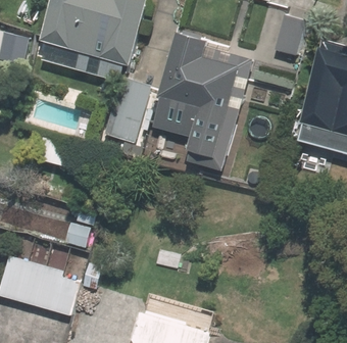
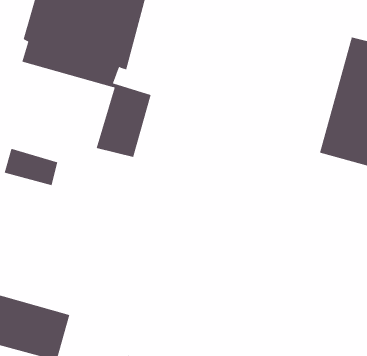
building: [153,33,250,164] -> none

